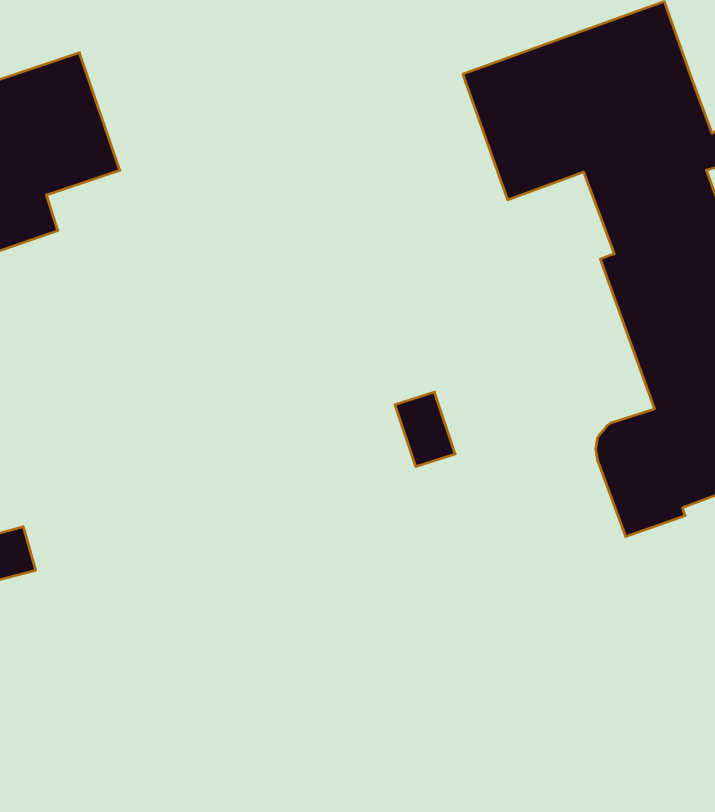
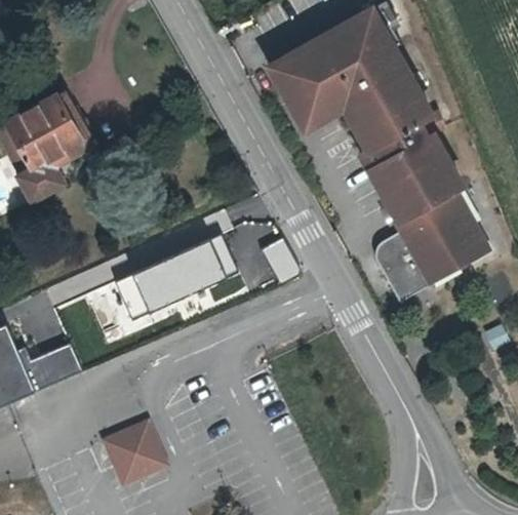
building: none -> [115,234,239,321]
building: none -> [105,420,166,484]

